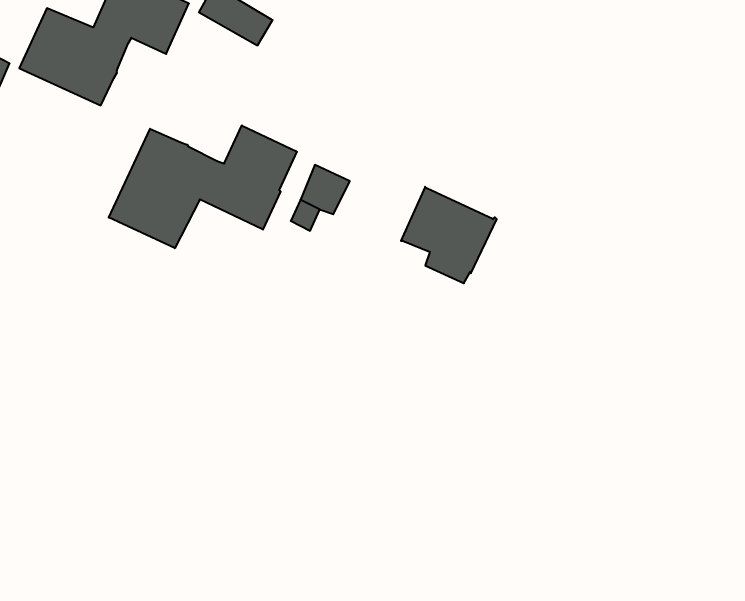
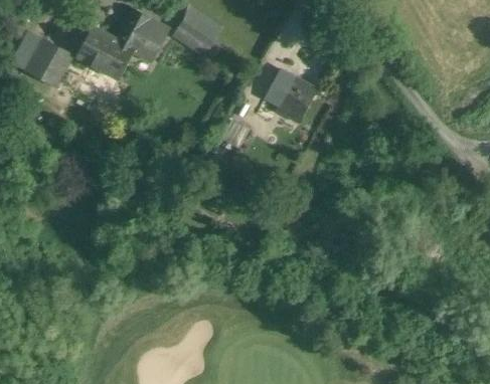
building: [109,125,297,248] -> none
building: [401,187,497,283] -> [265,68,317,122]

